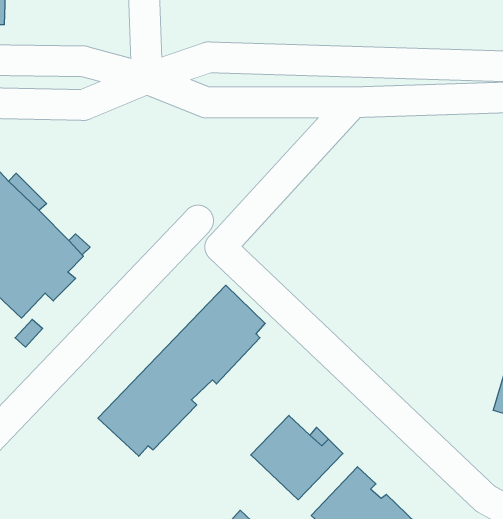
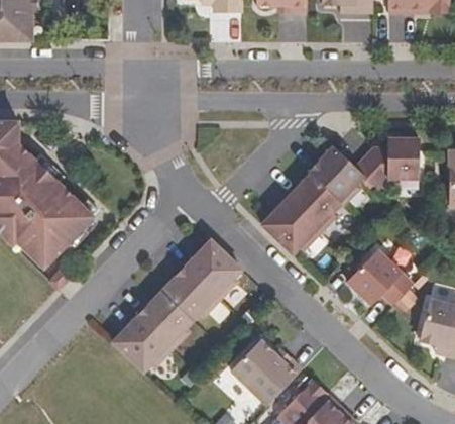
building: none -> [260,138,416,254]
building: none -> [345,250,411,306]

